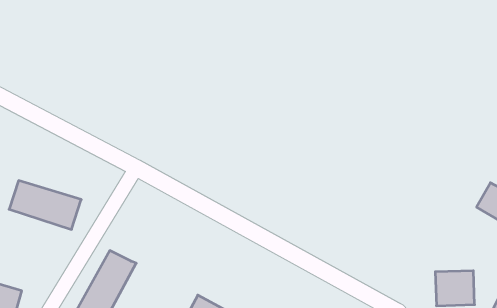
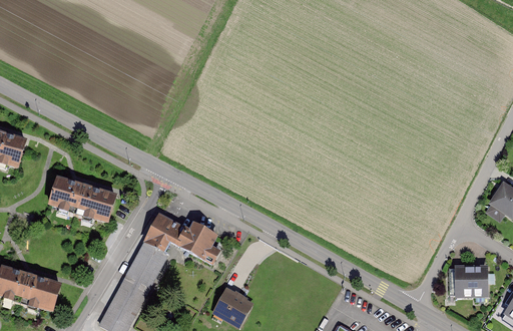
building: none -> [142,215,220,269]

